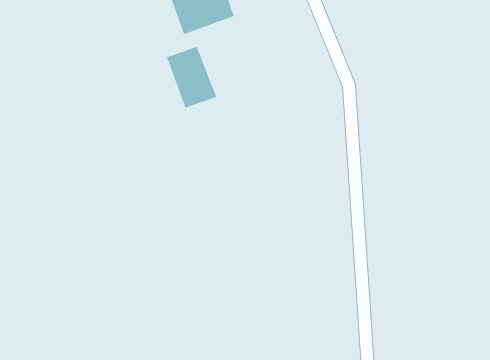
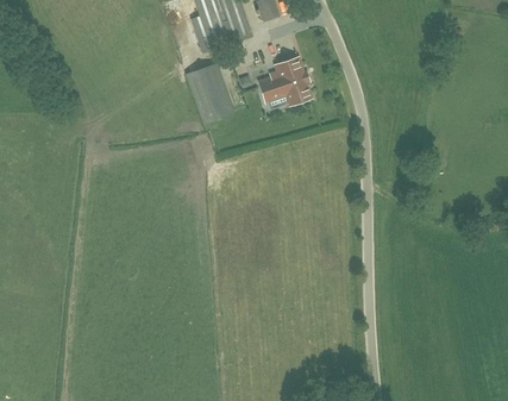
building: none -> [258,56,312,104]

